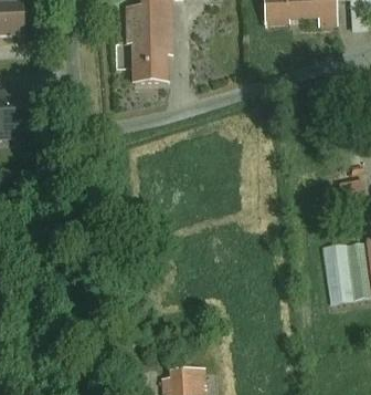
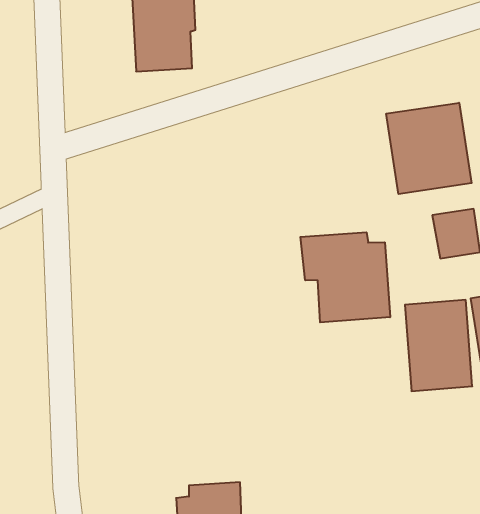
building: none -> [386,103,472,194]
building: none -> [300,232,390,322]

